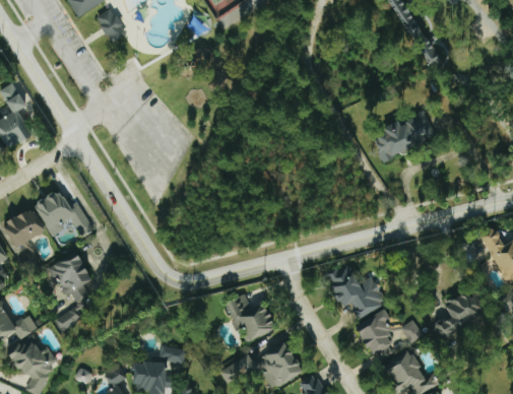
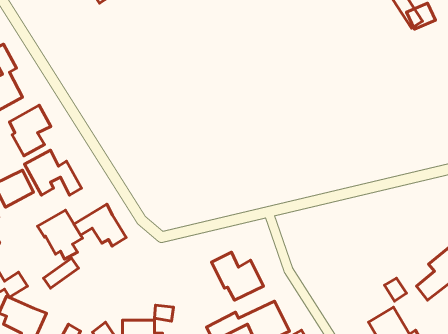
building: [367,109,433,160] -> none
building: none -> [9,105,51,156]
building: none -> [74,204,126,246]
building: [326,264,386,320] -> none
building: [356,310,392,355] -> none

